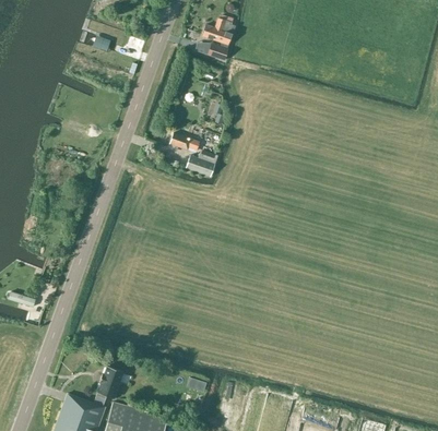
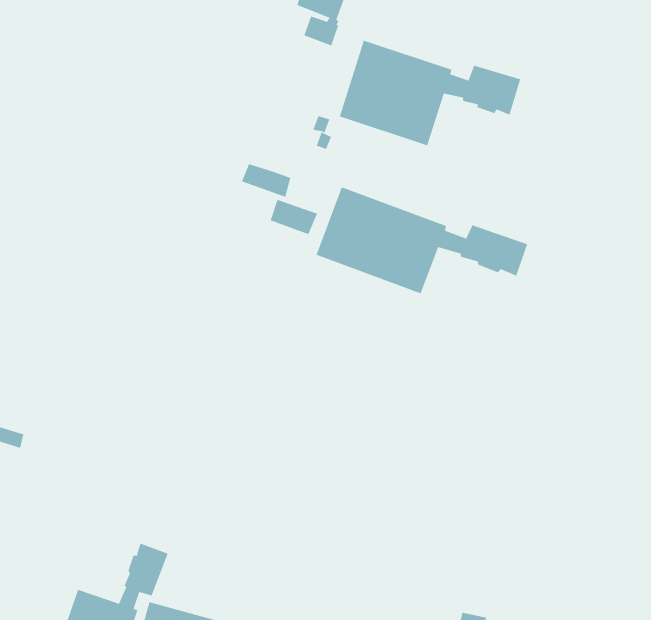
building: none -> [339,40,521,146]
building: none -> [316,187,528,294]

